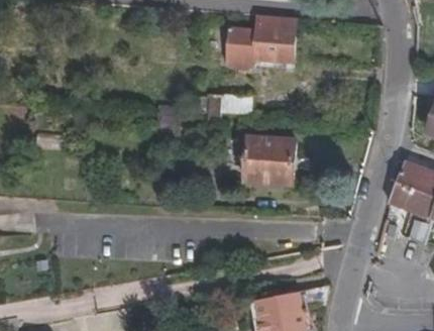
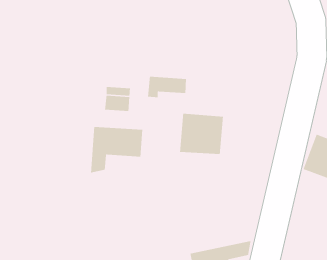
building: [225,15,295,70] -> none
building: none -> [90,126,143,173]

